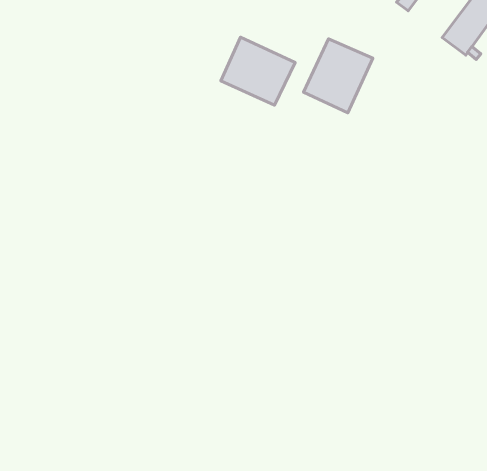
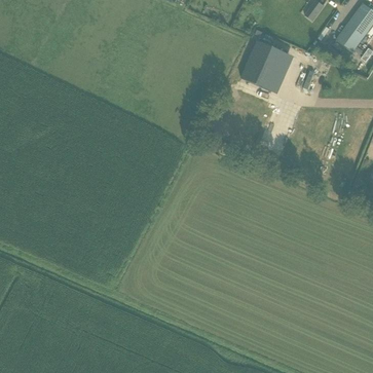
building: [221,37,295,105] -> none

